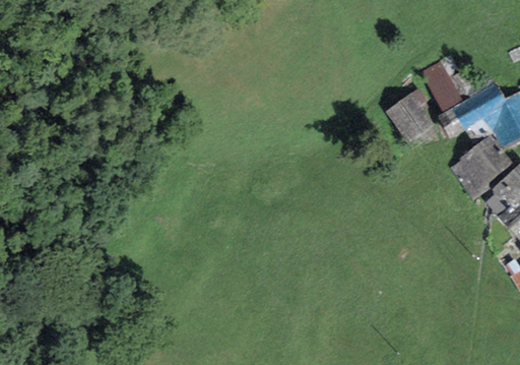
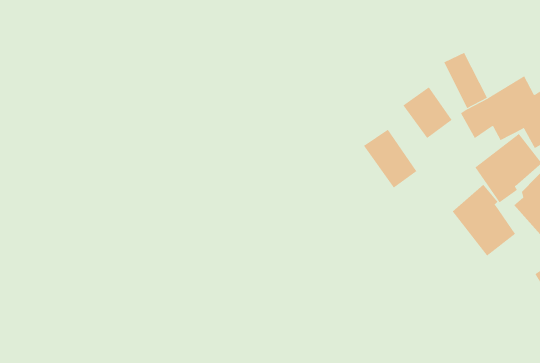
building: none -> [363,129,417,189]
building: none -> [452,184,516,257]

